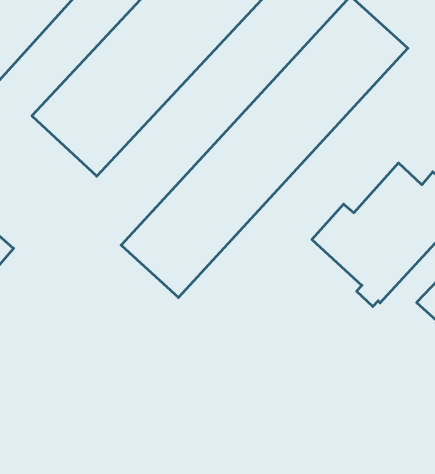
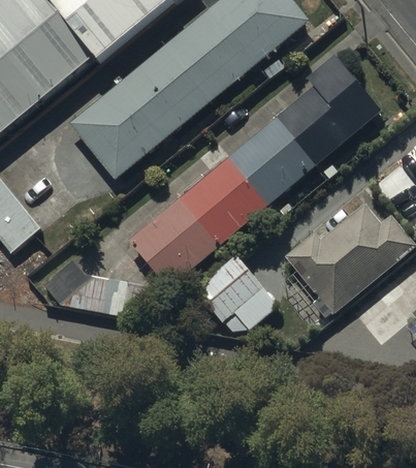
building: none -> [190,253,277,330]
building: none -> [49,258,145,315]

